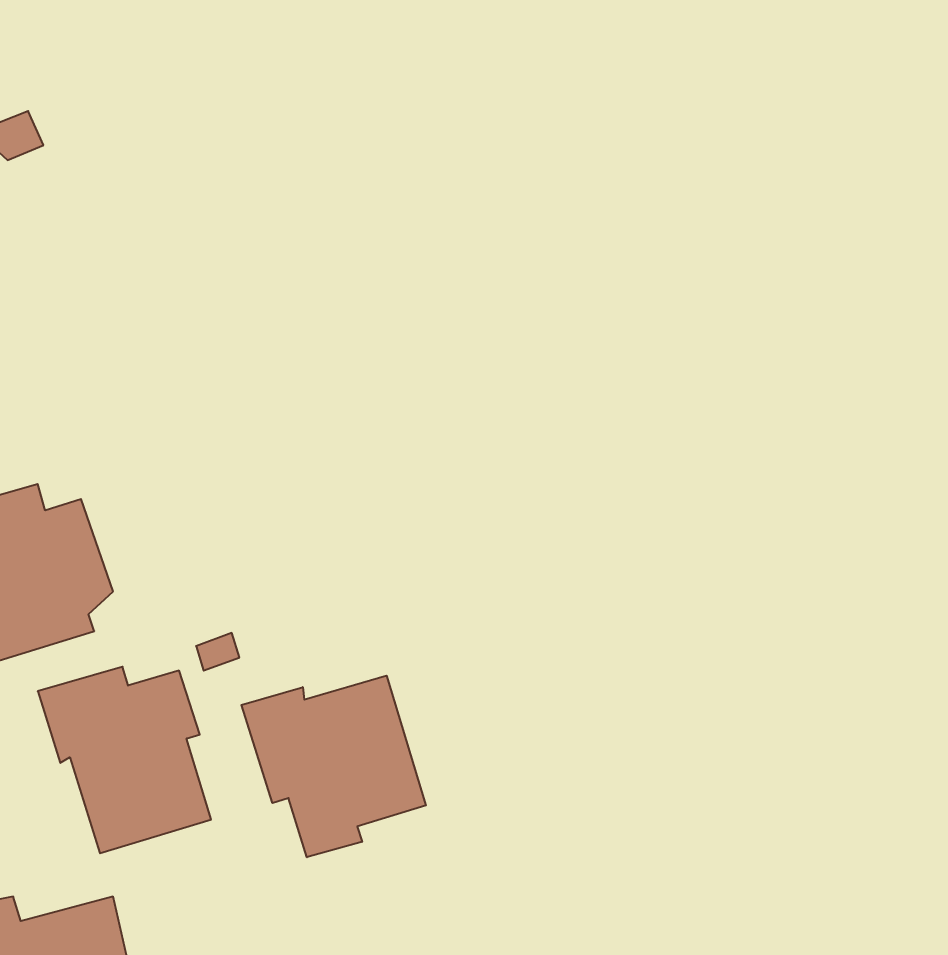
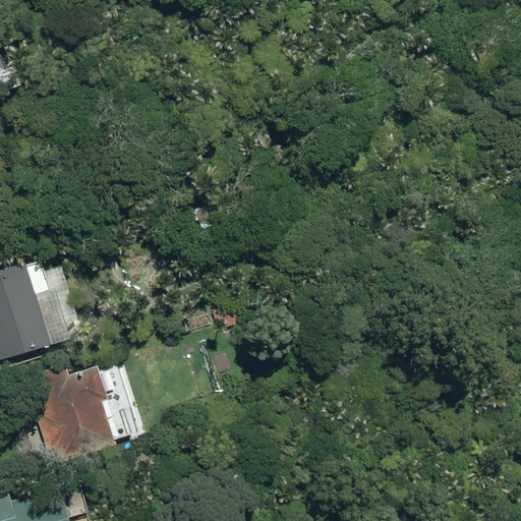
building: [241,676,426,857] -> none

